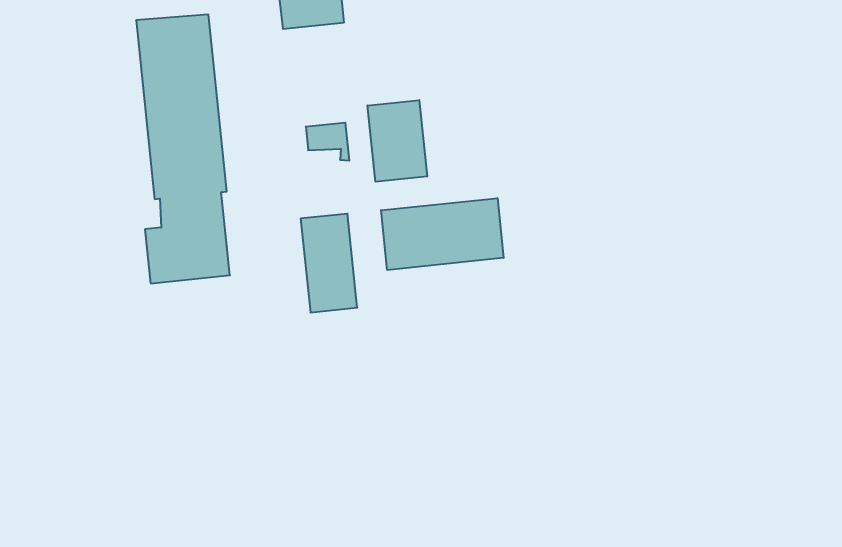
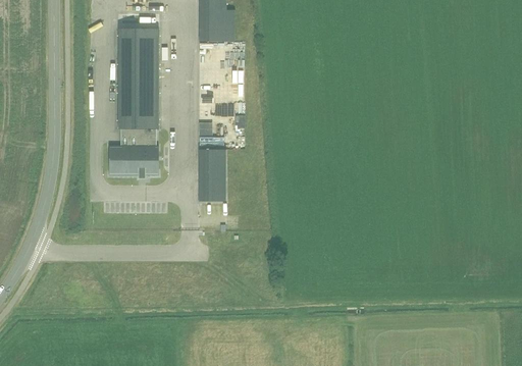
building: [368,100,427,182] -> none
building: [381,198,504,270] -> none

